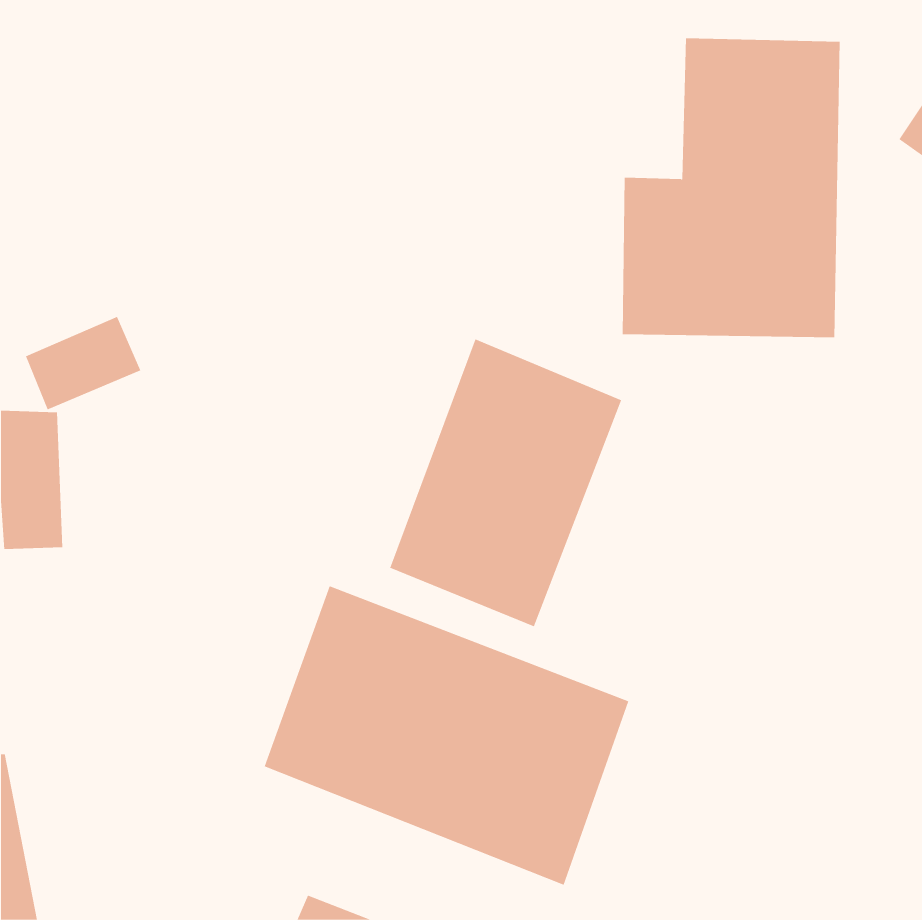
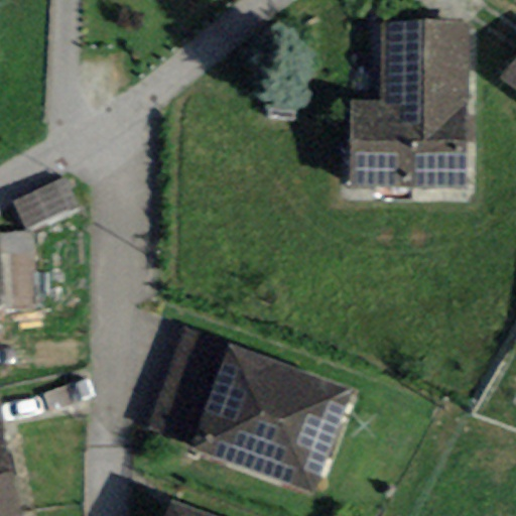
building: [390,339,622,627] -> none

